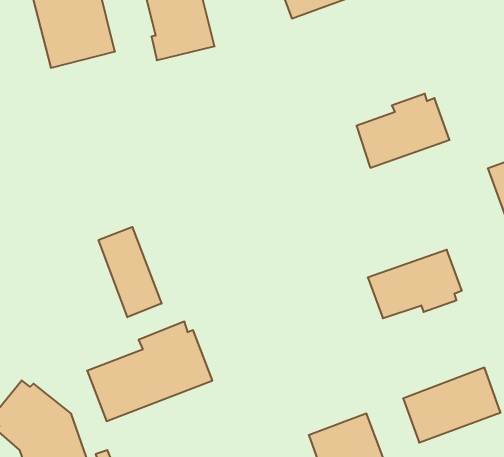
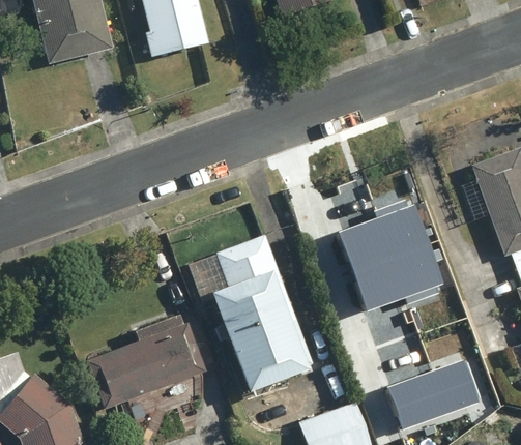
building: [356,94,450,168] -> [343,199,433,270]
building: [99,227,162,317] -> none
building: none -> [198,234,312,390]

